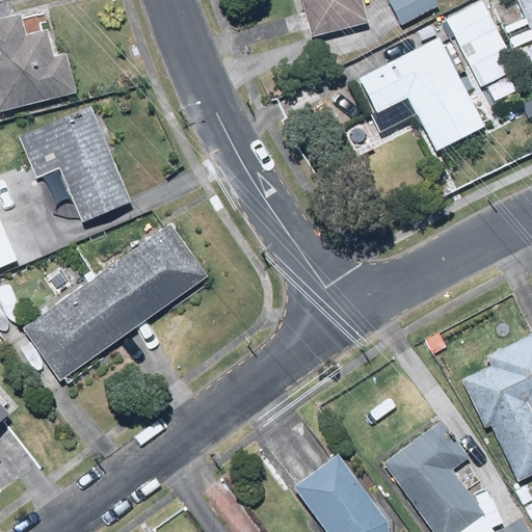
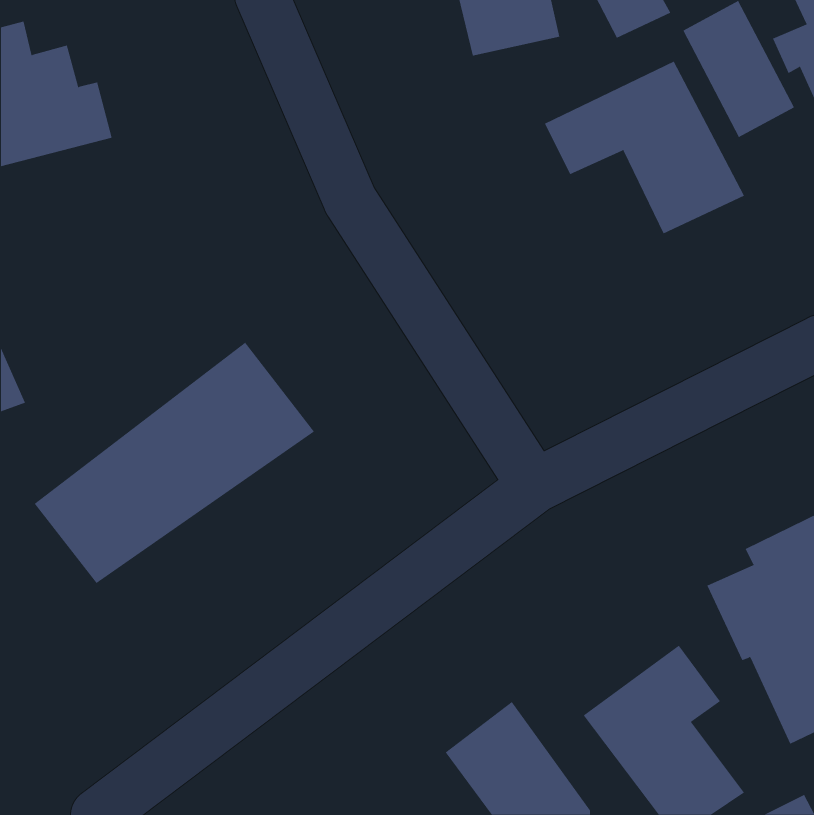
building: [21,107,131,222] -> none

